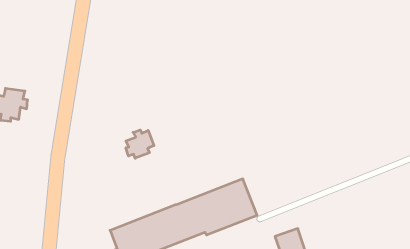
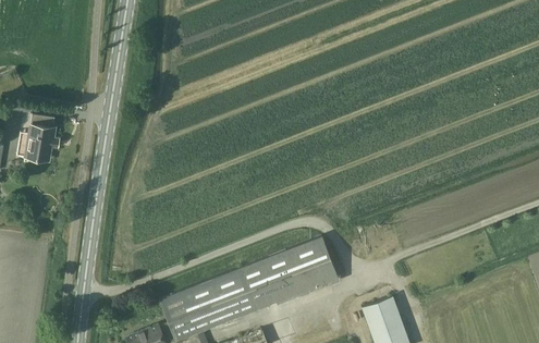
building: [126,130,154,158] -> none

